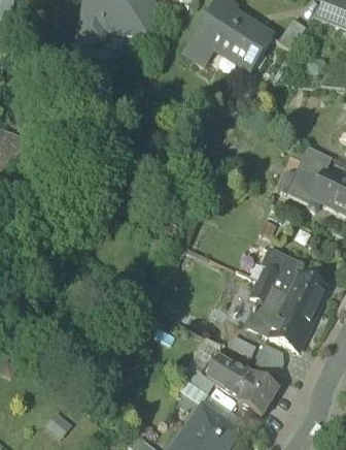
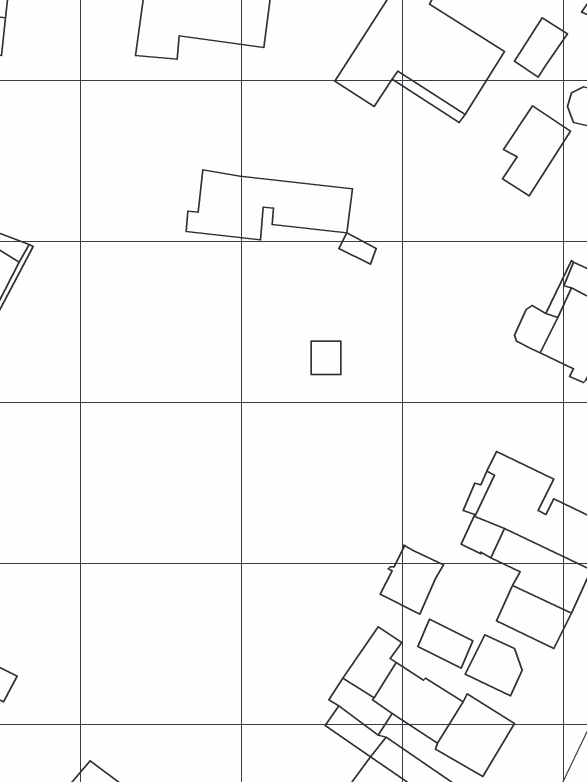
building: none -> [503,106,571,196]
building: none -> [186,170,352,240]
building: [248,297,281,333] -> [380,545,443,614]

